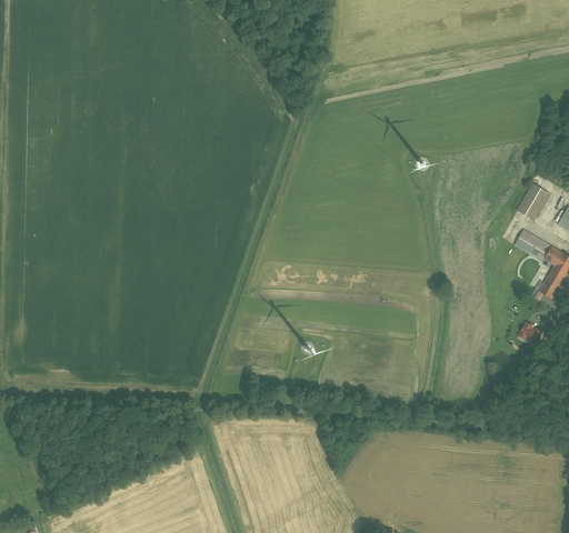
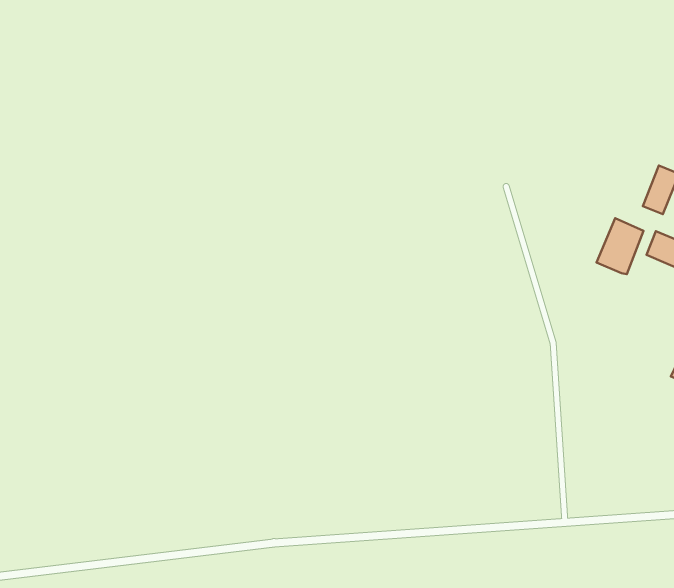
building: none -> [597,218,644,274]

